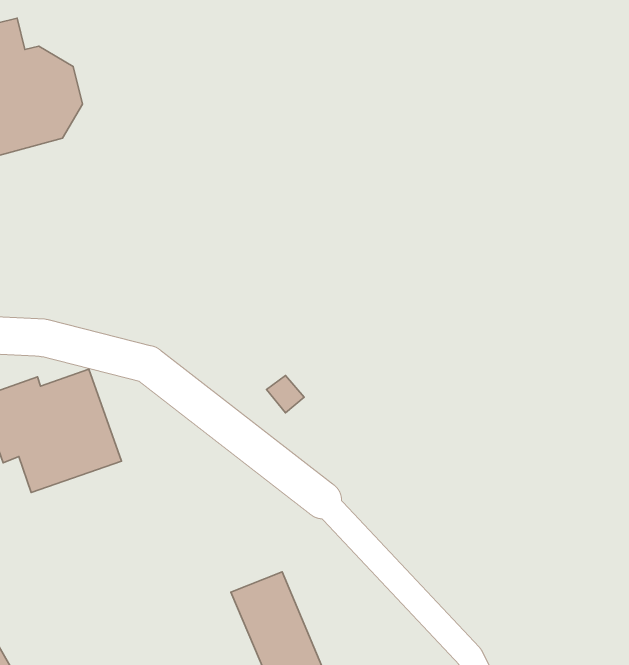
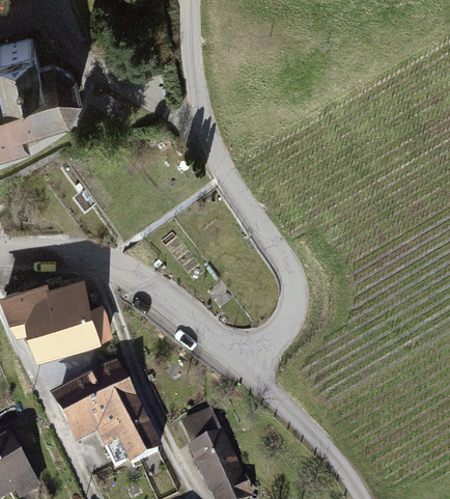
building: none -> [55,366,165,468]

